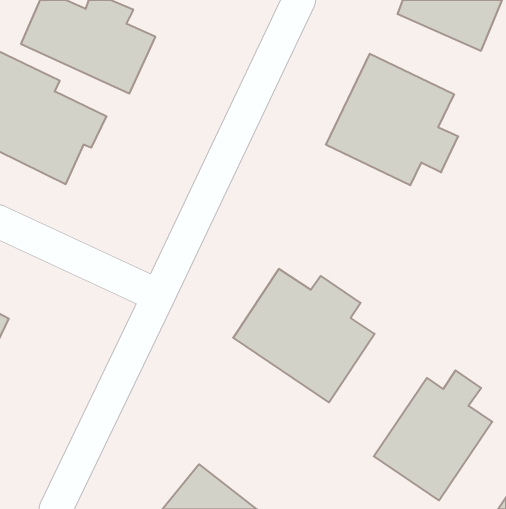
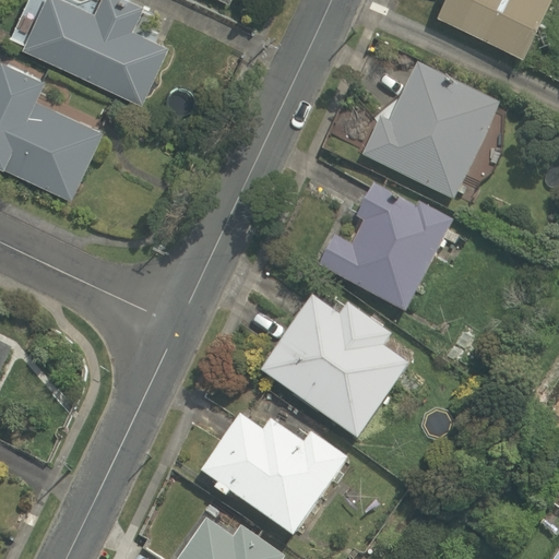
building: none -> [309,178,453,311]
building: [374,370,492,500] -> none
building: none -> [195,413,353,542]

